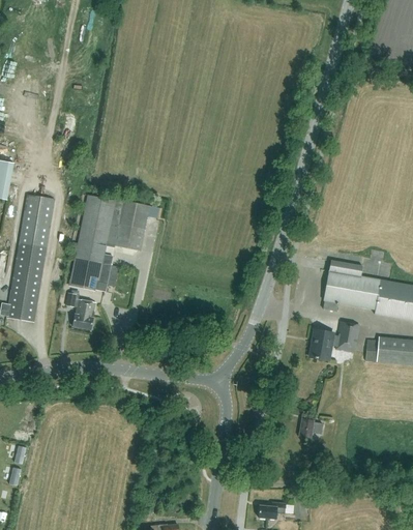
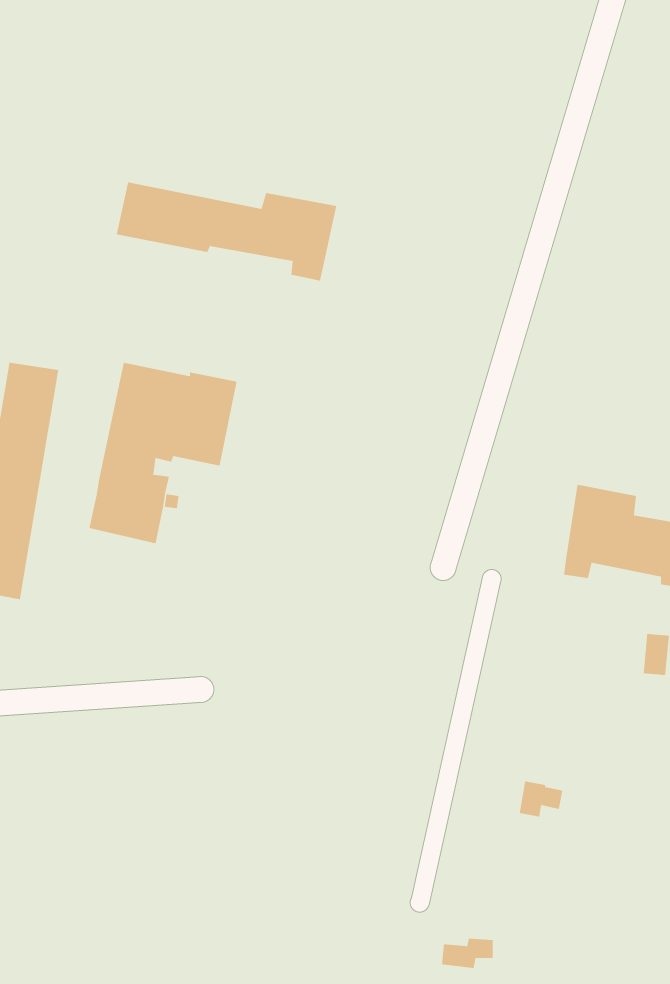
building: none -> [116,181,337,281]
building: [65,292,95,329] -> none
building: [309,321,358,360] -> none

